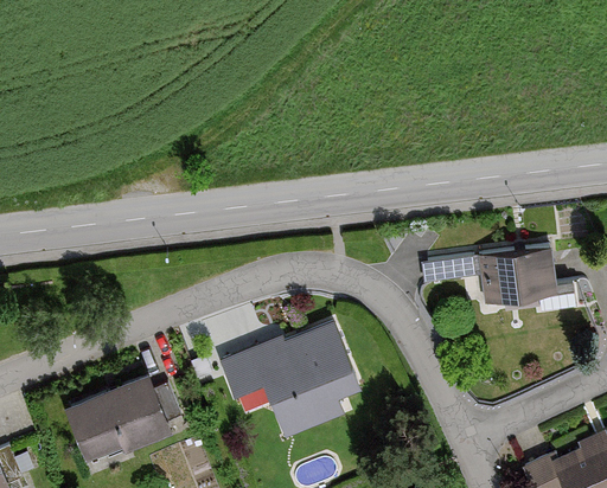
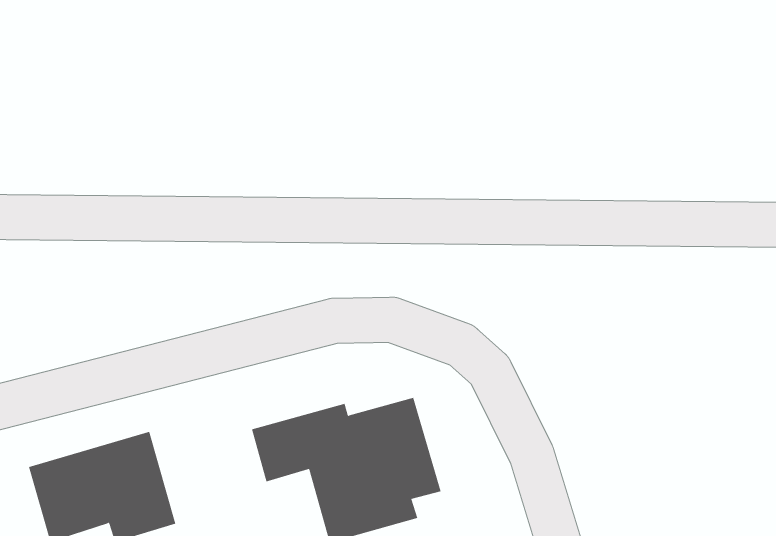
building: [422,248,557,303] -> none

